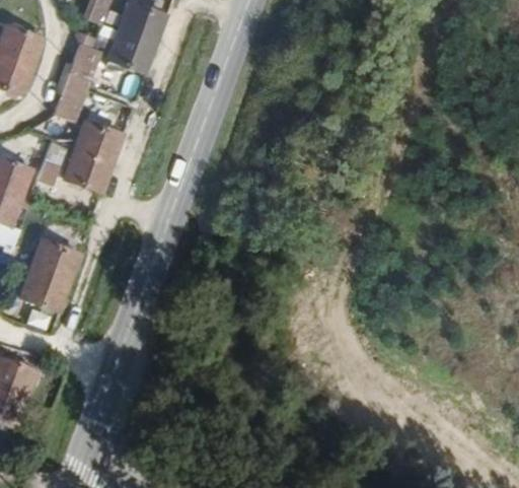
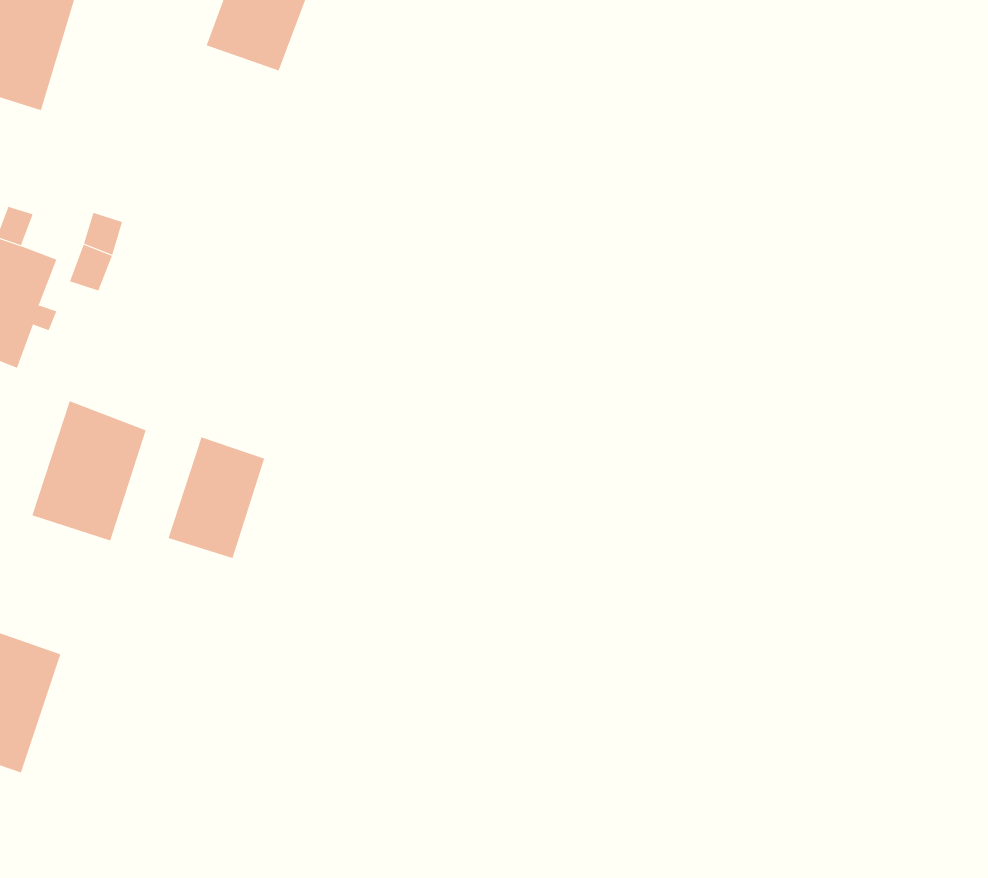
building: [55,43,100,122] -> none
building: [64,121,123,191] -> none
building: none -> [168,436,265,559]

